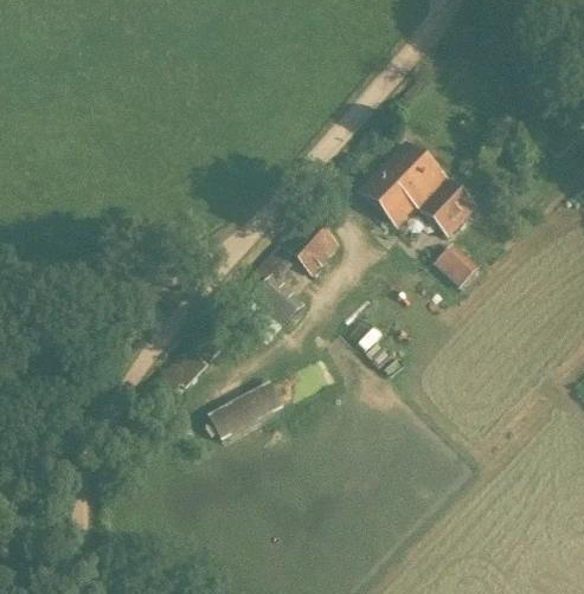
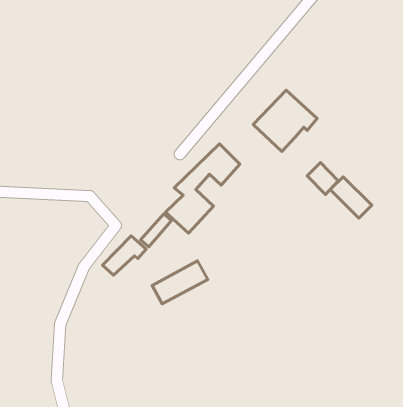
building: [418,179,475,232] -> none
building: none -> [330,177,372,218]

